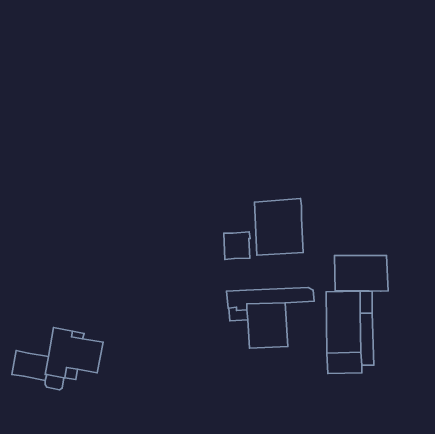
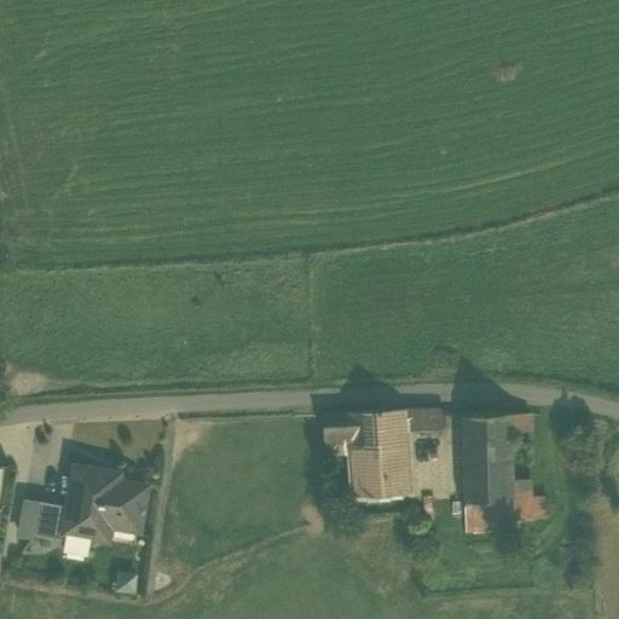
building: [255,198,303,255] -> none
building: [224,232,250,259] -> none
building: [334,255,388,291] -> none

